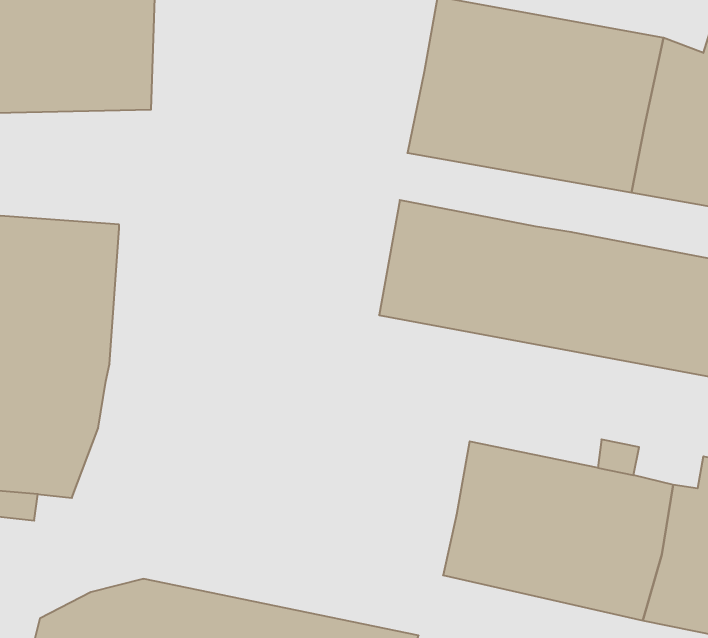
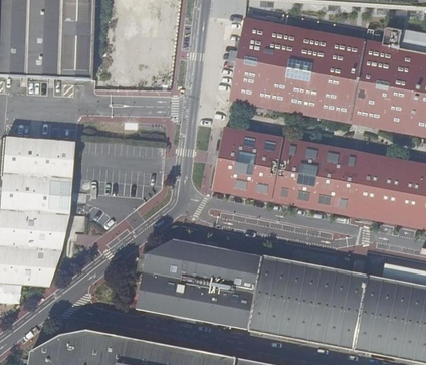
building: none -> [133,239,260,327]

